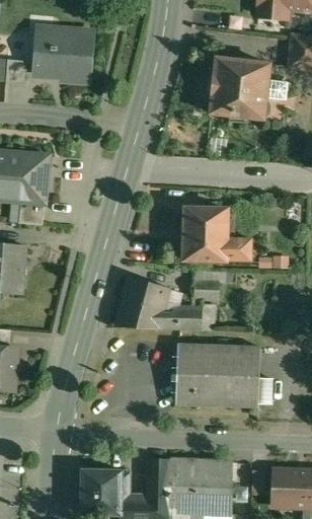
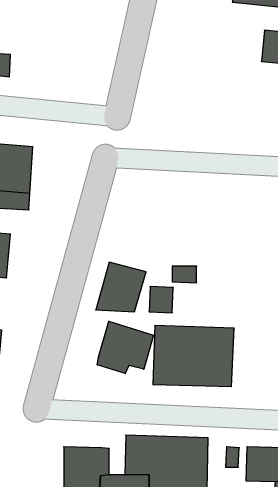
building: [32,28,93,80] -> none
building: [209,57,268,123] -> none
building: [183,207,252,260] -> none
building: none -> [97,321,153,374]

